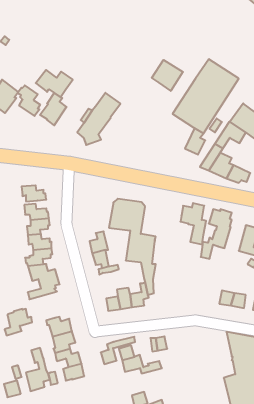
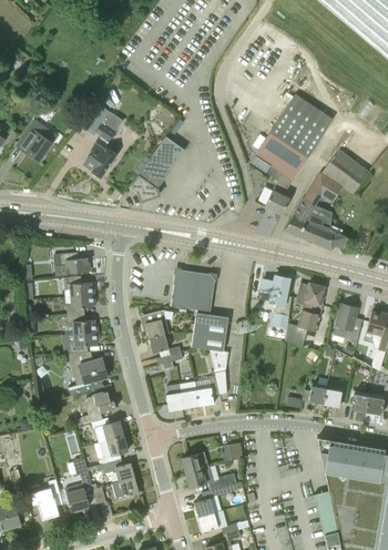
building: [152,60,183,91] -> none
building: [17,85,40,116] -> none
building: [5,309,32,335] -> [81,391,115,425]
building: [101,337,135,364] -> [194,482,237,517]

